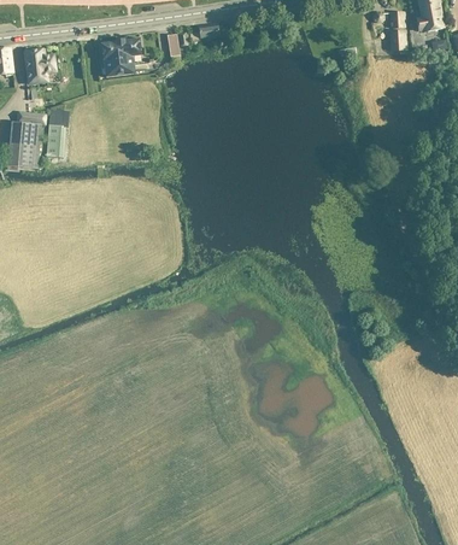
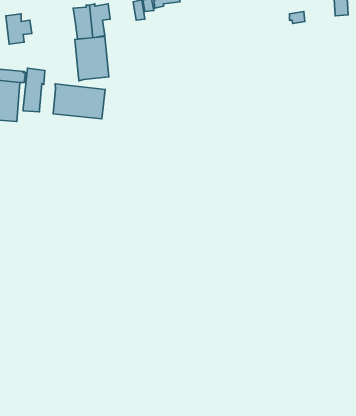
building: none -> [75,37,109,81]
building: none -> [53,84,105,119]

